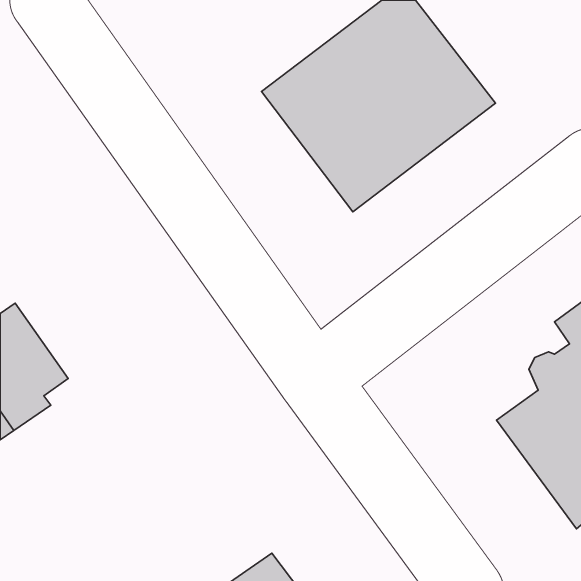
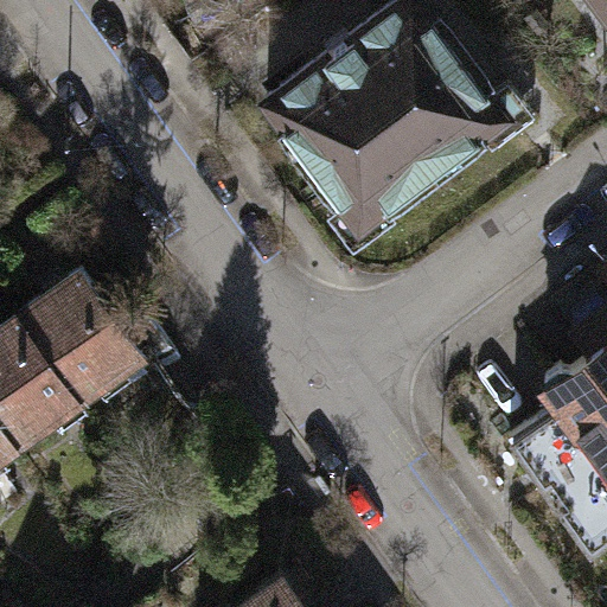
building: none -> [26,276,148,403]

